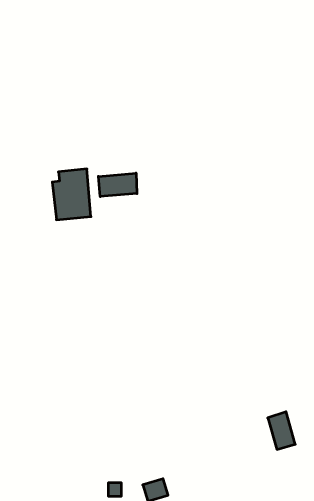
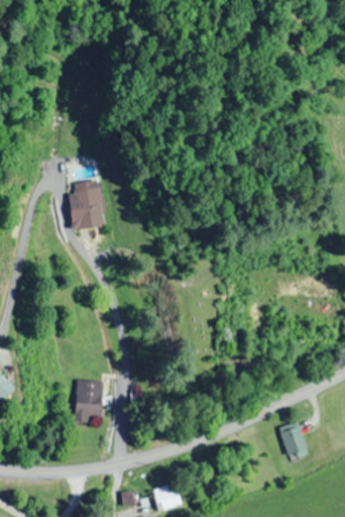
building: [98,173,137,197] -> none
building: none -> [75,380,102,422]

